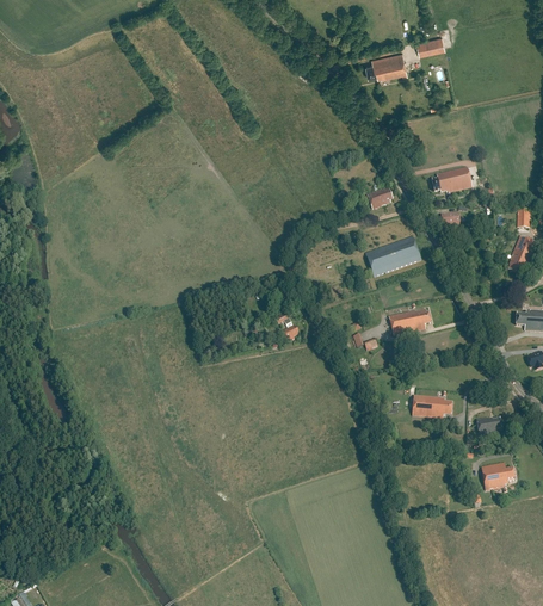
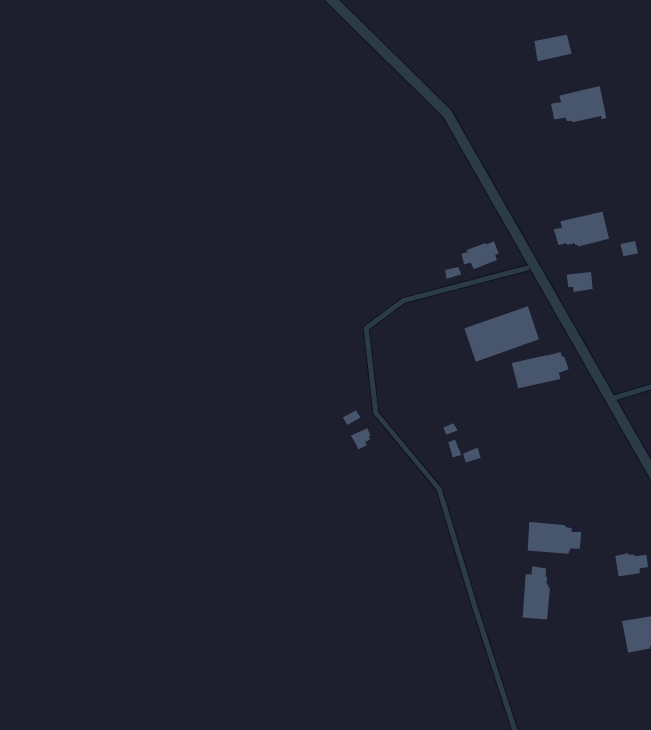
building: [365,51,407,79] -> [550,86,607,123]
building: [389,308,432,335] -> [511,352,569,389]
building: none -> [522,566,551,620]

